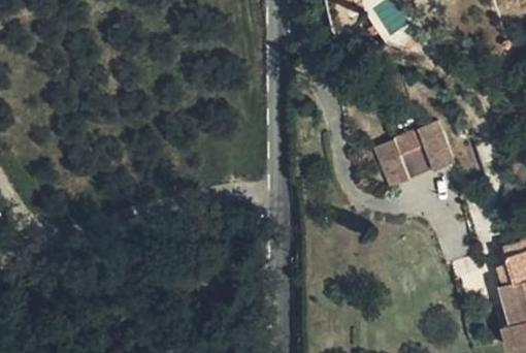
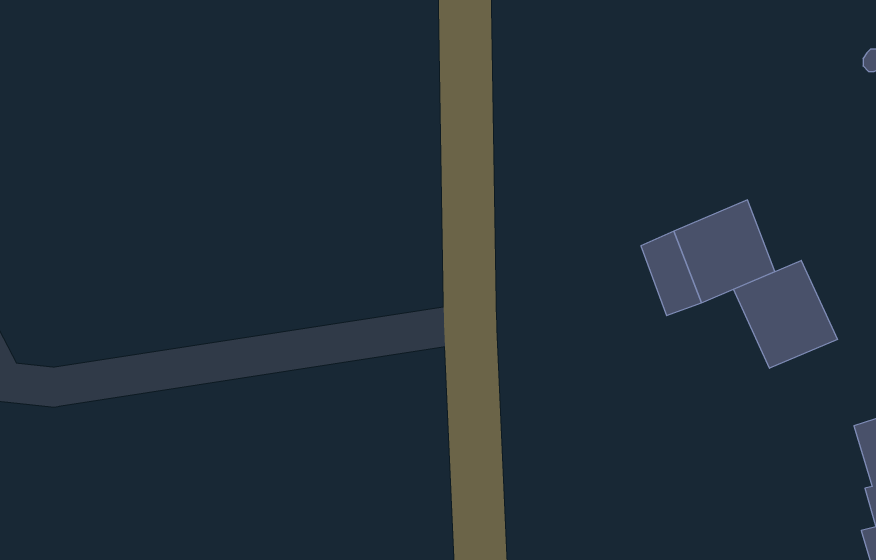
building: none -> [733,260,837,368]

